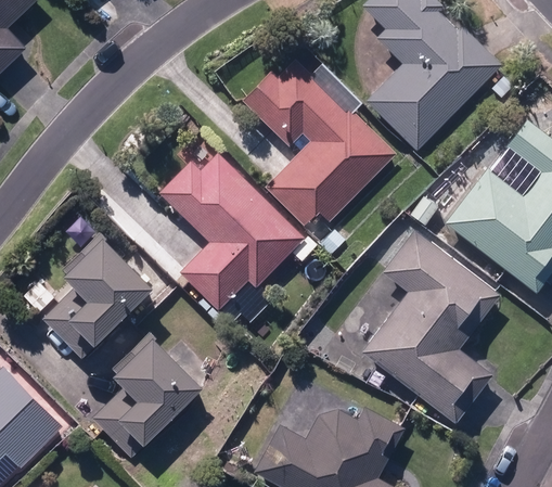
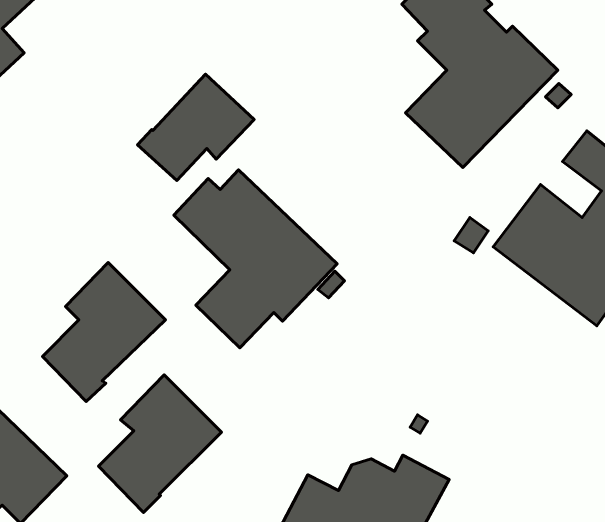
building: [242,60,395,227] -> none
building: none -> [137,74,254,181]
building: [362,229,499,423] -> none

